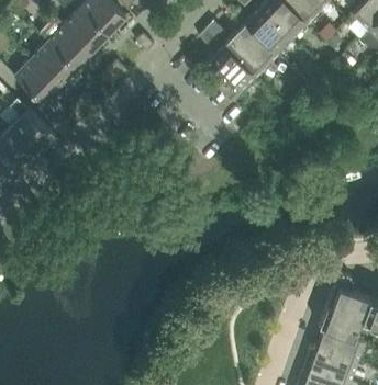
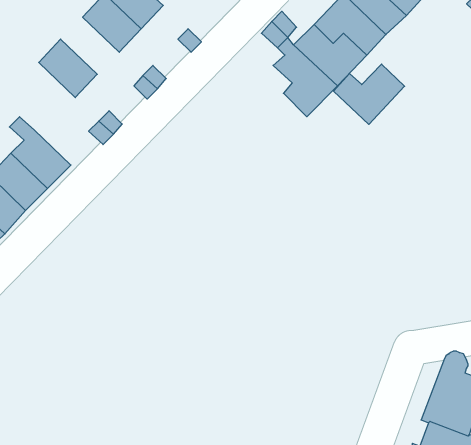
building: [40,18,92,68] -> none
building: [14,59,59,103] -> none
building: none -> [334,64,405,124]

